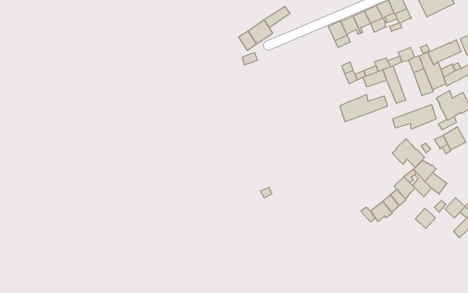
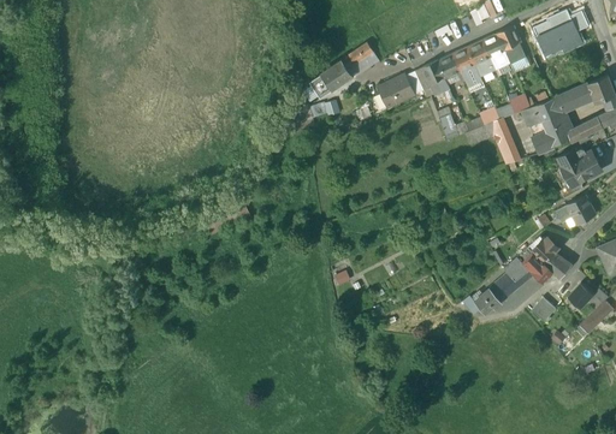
building: none -> [378,75,415,108]
building: [340,95,387,122] -> none
building: [393,105,436,129] -> none
building: [392,139,425,167] -> none

